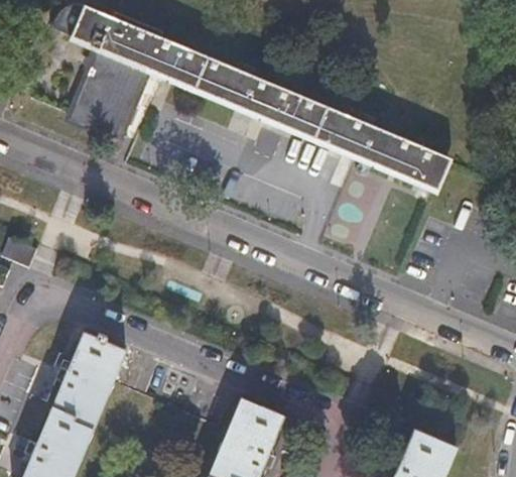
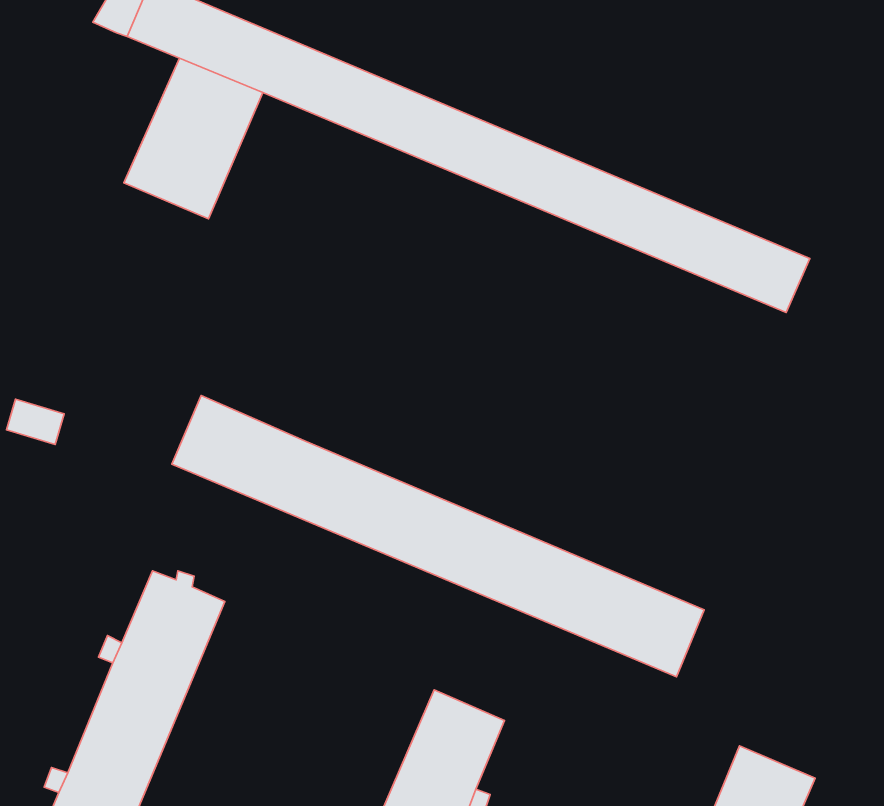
building: none -> [172,396,704,677]

